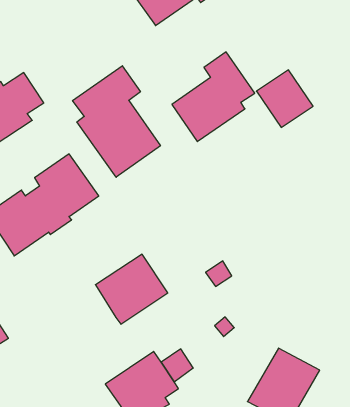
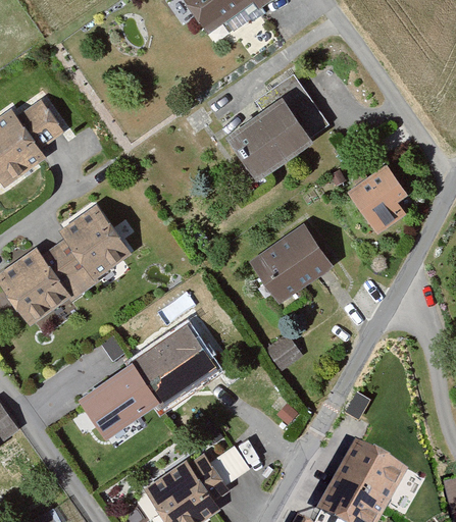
building: [73,66,160,177] -> none
building: [256,70,313,127] -> [349,166,419,238]
building: none -> [249,224,335,307]
building: none -> [79,361,155,436]

